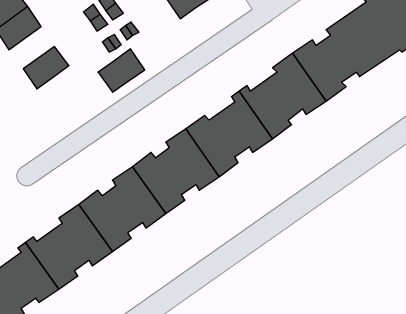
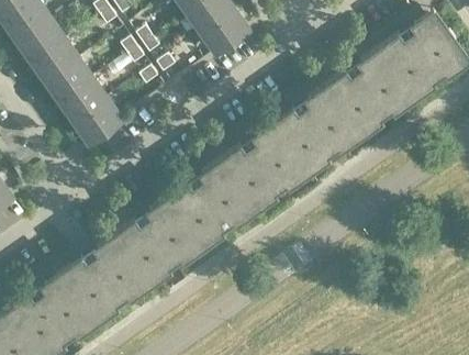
building: none -> [47,60,92,102]
building: [98,49,145,92] -> [75,99,121,142]

